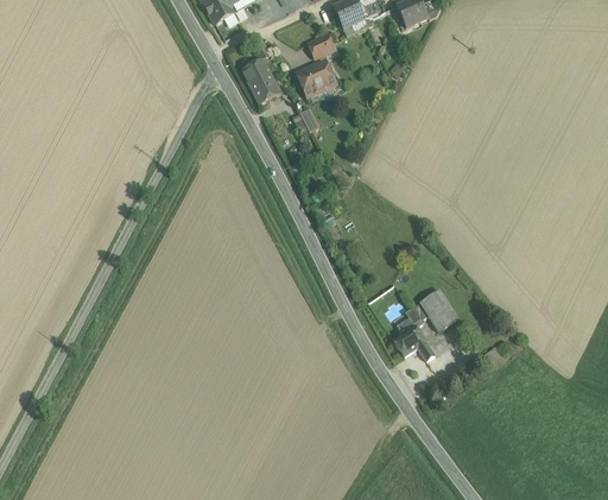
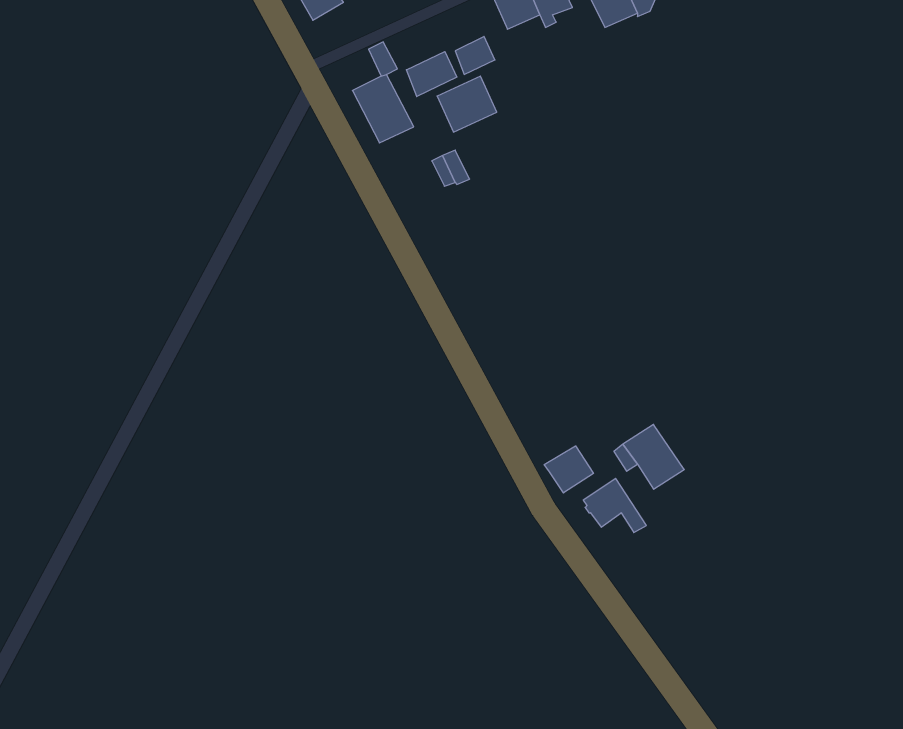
building: none -> [406,52,457,97]
building: none -> [544,446,593,493]

